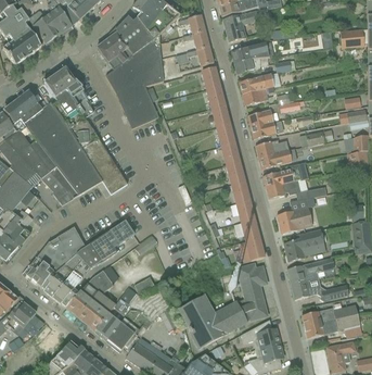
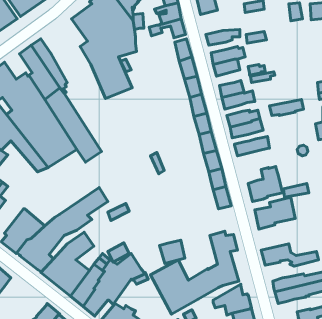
building: [231,41,273,63] -> none
building: [266,179,326,200] -> none
building: [49,226,85,259] -> none
building: [238,238,264,262] -> [159,240,185,263]
building: [286,257,334,284] -> none

